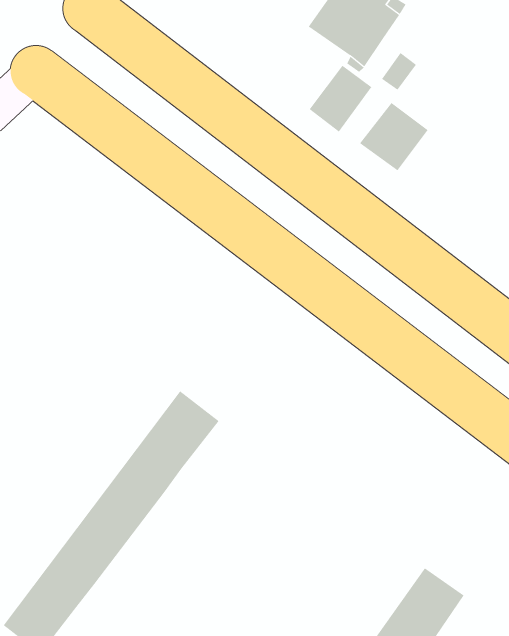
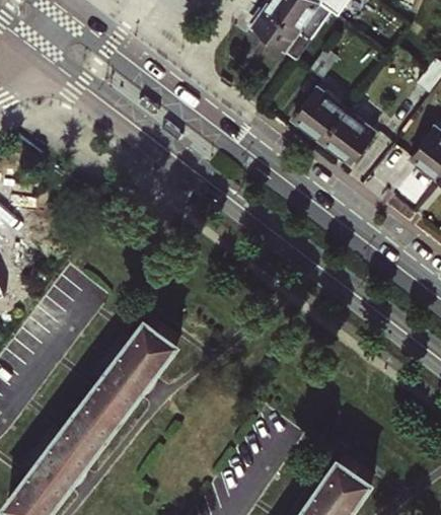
building: [309,65,372,133] -> none
building: none -> [321,111,374,165]

